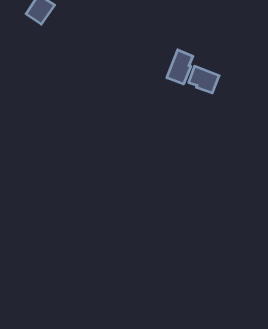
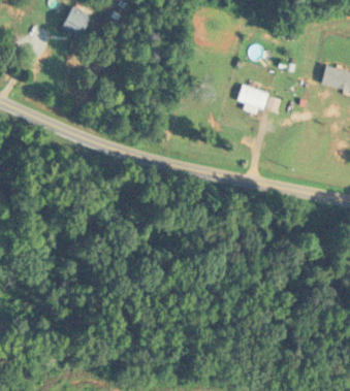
building: [167,50,193,84] -> none

